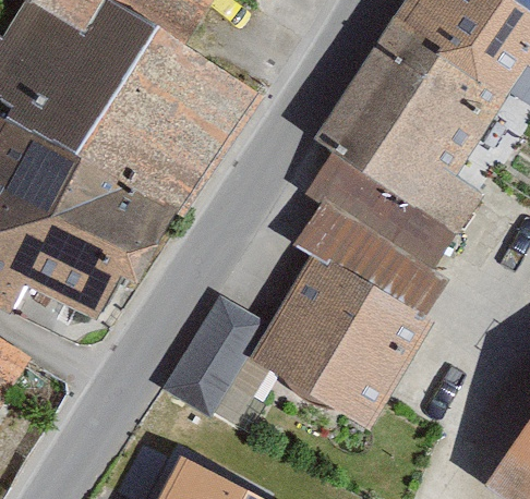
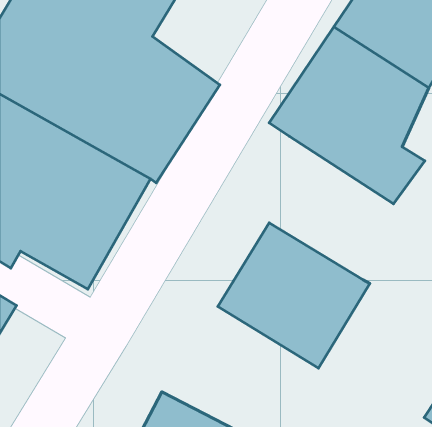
building: [294,161,453,326] -> none
building: [158,294,268,417] -> none

